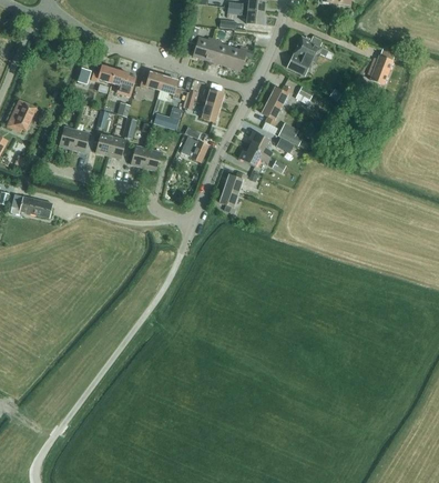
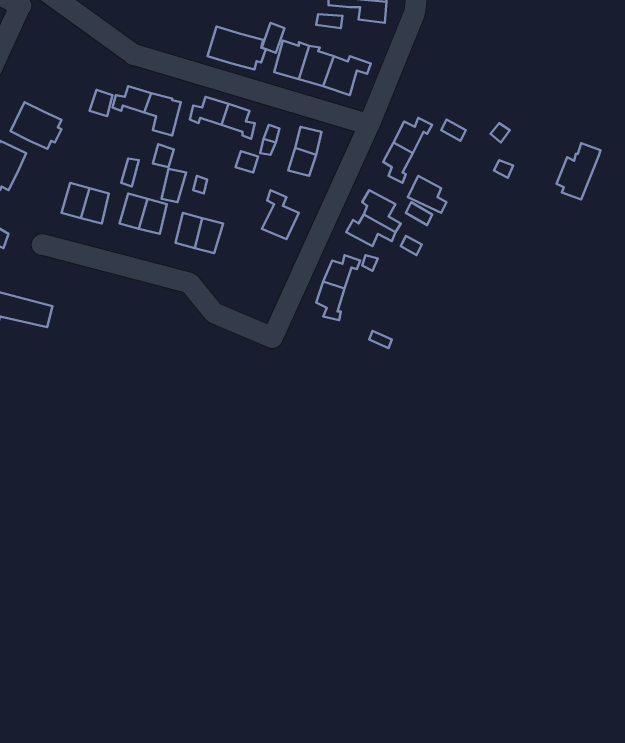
building: none -> [208,26,266,69]
building: [287,36,324,76] -> none
building: [367,48,395,83] -> [557,143,601,200]
building: none -> [11,102,62,149]

